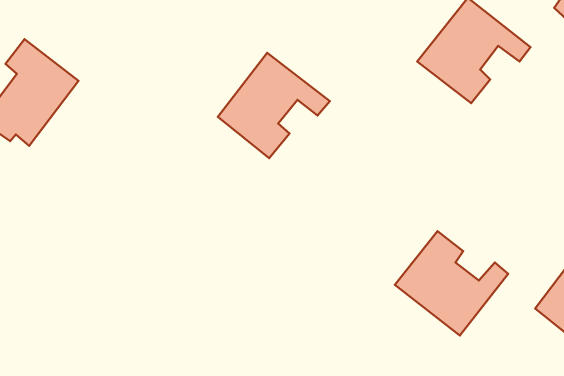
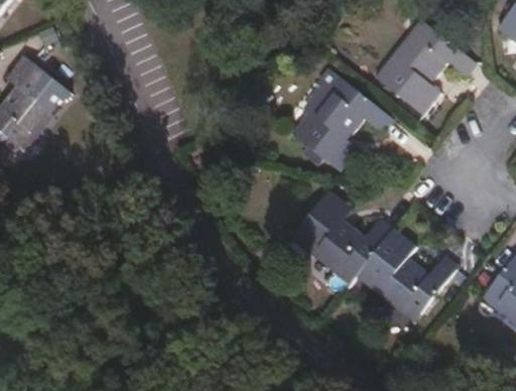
building: [218,53,330,158] -> [292,76,393,170]
building: none -> [290,190,393,284]

